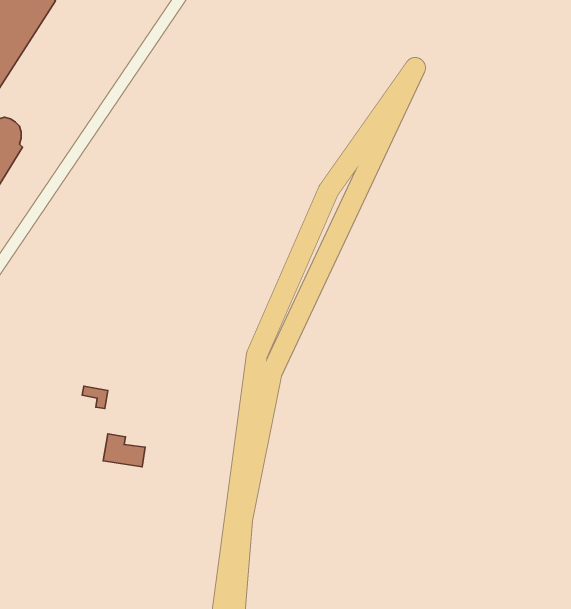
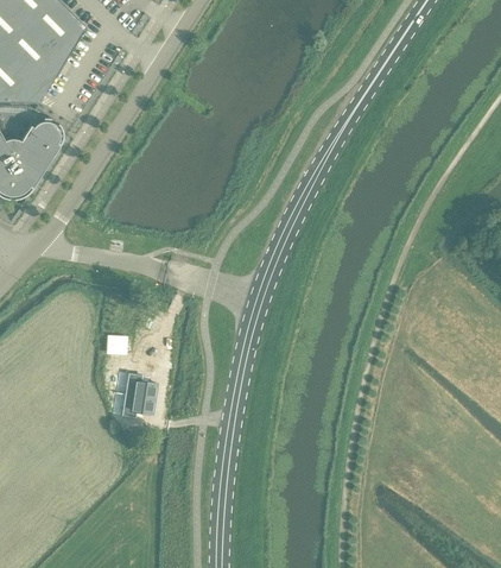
building: none -> [121,393,156,417]

